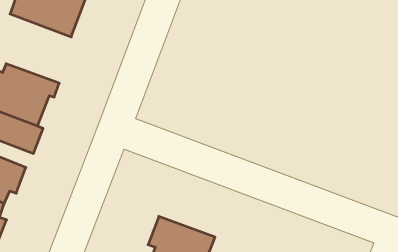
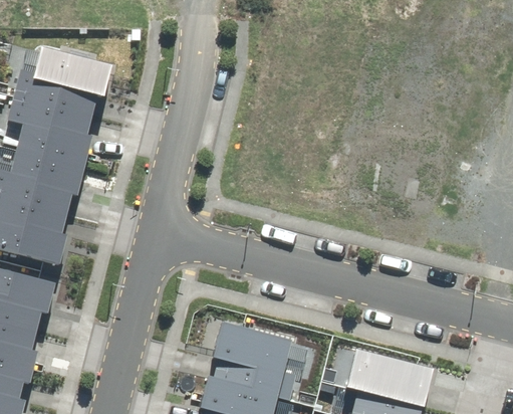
building: none -> [10,99,93,176]

